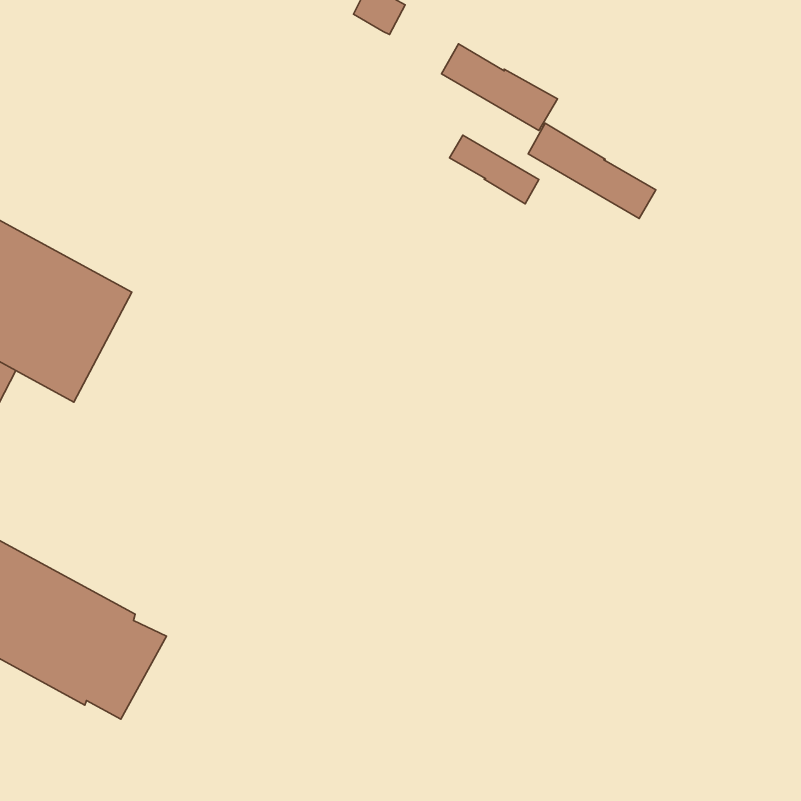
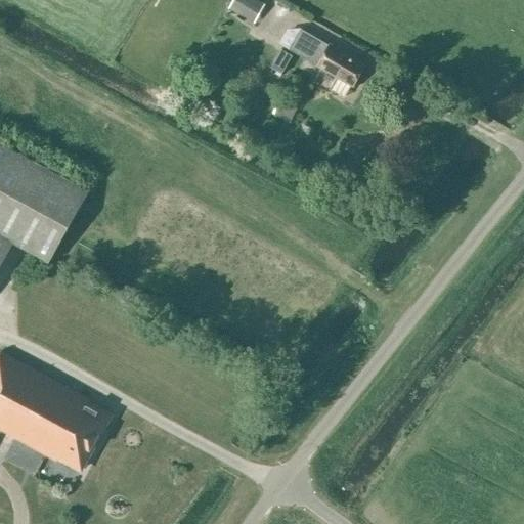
building: [528,123,656,219] -> none
building: [450,135,539,204] -> none

